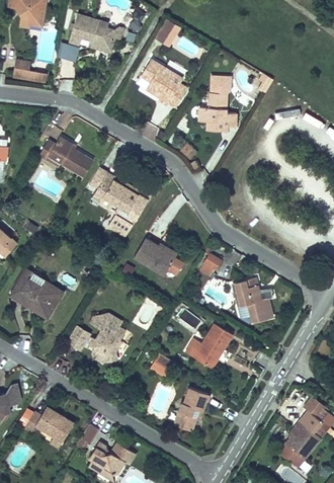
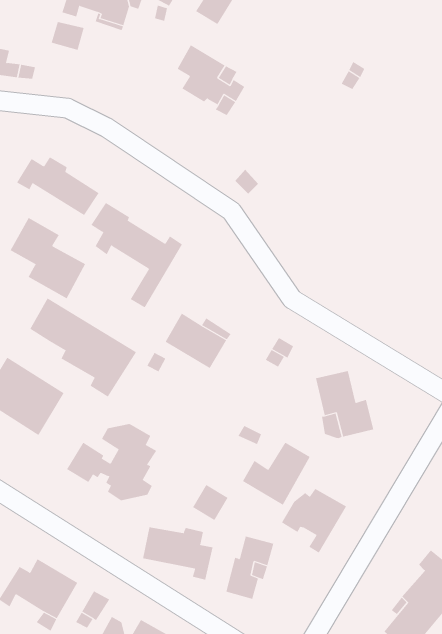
building: [202,75,238,126] -> none
building: none -> [10,217,86,299]
building: none -> [29,297,137,398]
building: none -> [281,488,347,553]
building: none -> [142,526,213,581]

